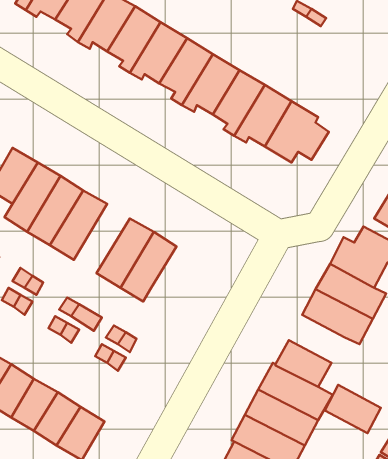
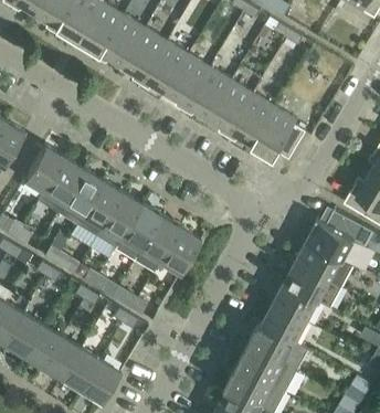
building: none -> [95,191,141,248]
building: none -> [159,226,201,273]
building: [325,385,381,433] -> [273,283,319,322]

